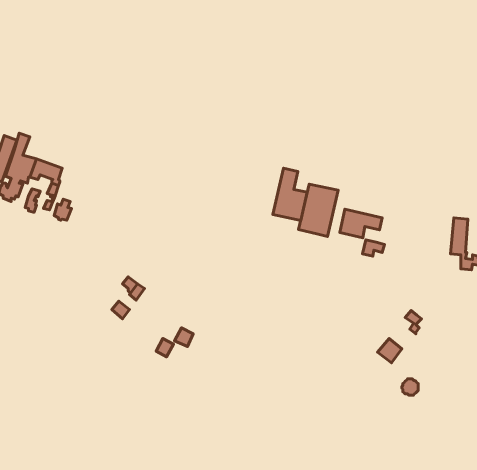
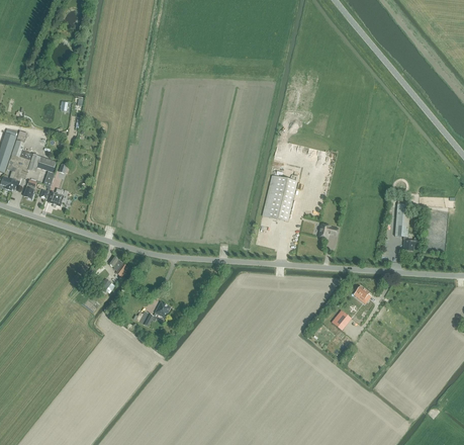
building: [273,168,307,220] -> none
building: [340,209,382,238] -> none

